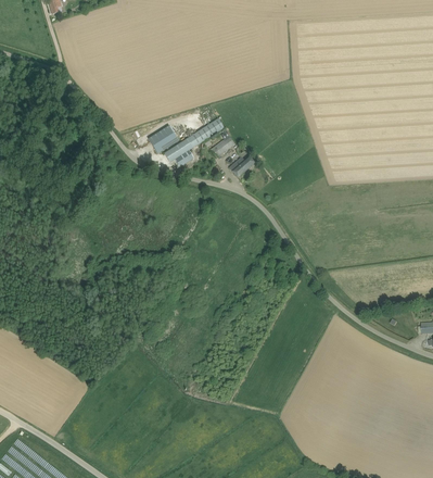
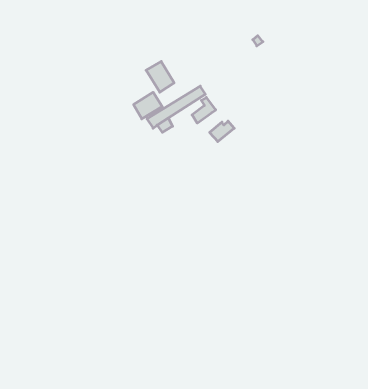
building: none -> [146,61,174,92]

